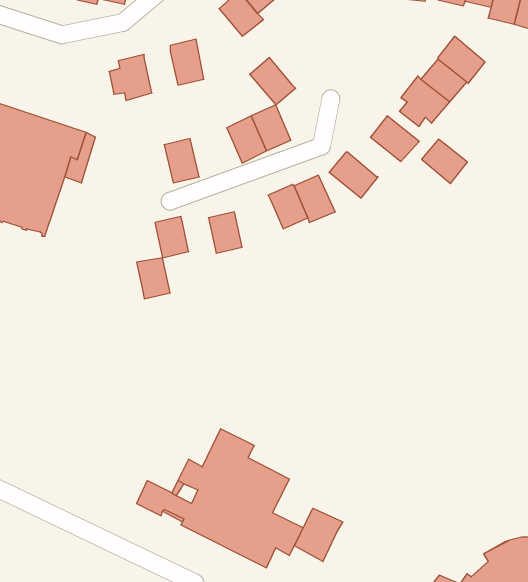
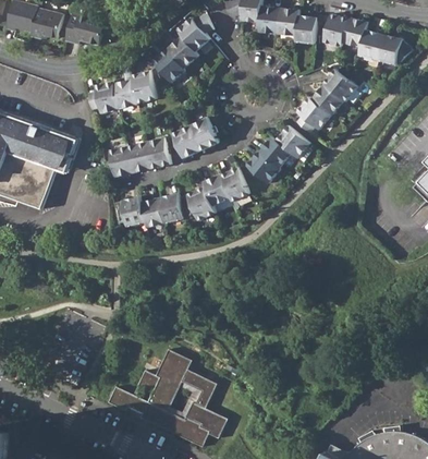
building: none -> [113,78,138,108]
building: [250,58,296,105] -> [152,48,185,82]
building: none -> [146,137,171,168]
building: [422,139,467,184] -> [258,136,291,168]
building: none -> [109,145,134,177]
building: none -> [186,185,216,220]
building: [137,258,170,299] -> [140,197,164,227]
building: [294,508,343,562] -> none

